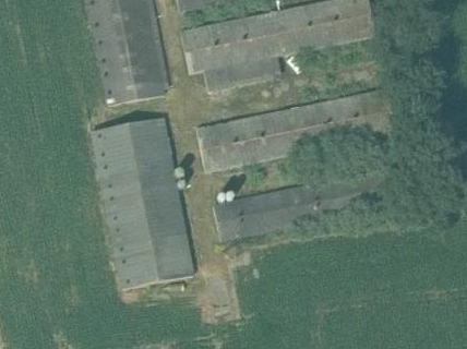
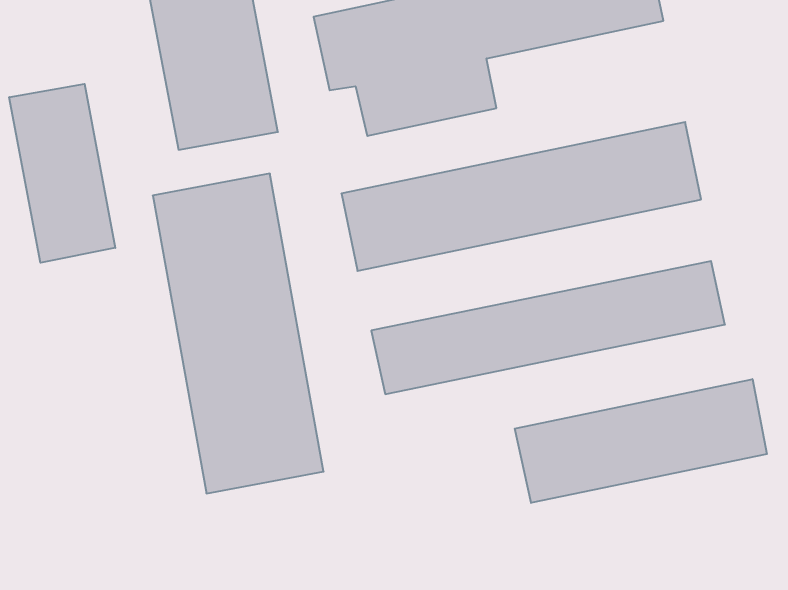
building: none -> [9,84,115,263]
building: none -> [515,379,767,503]

